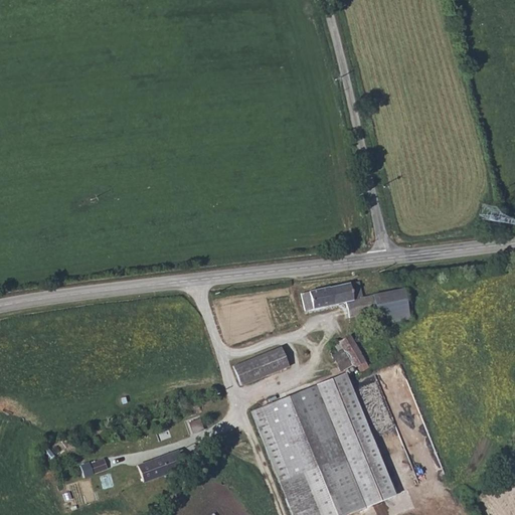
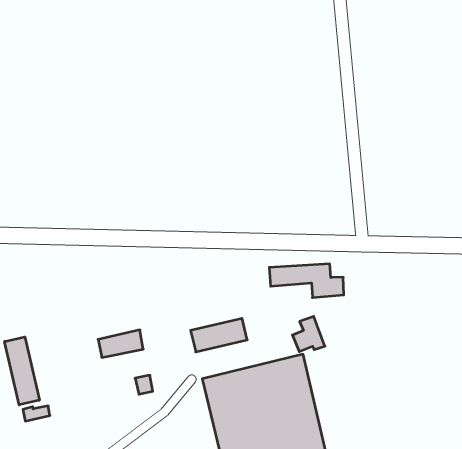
building: [374,286,408,322] -> none
building: none -> [5,337,39,405]
building: [139,450,184,482] -> [98,330,143,357]

